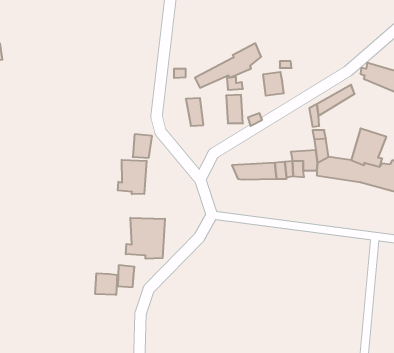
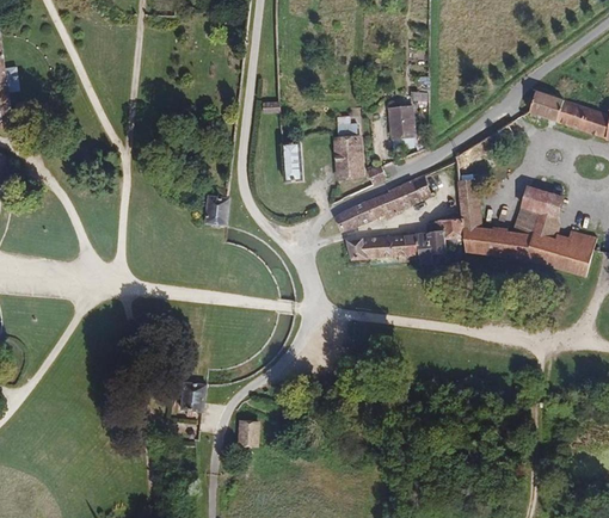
building: [195,43,261,88] -> [334,167,429,230]
building: [118,160,147,194] -> none
building: [126,218,165,259] -> none
building: [95,273,117,295] -> none
building: none -> [238,418,259,448]

